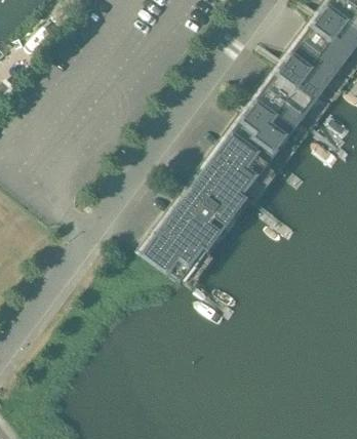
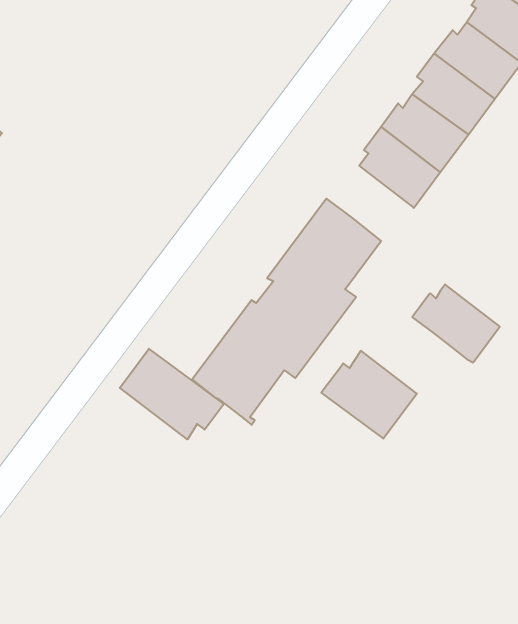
building: [230,113,287,164] -> [412,284,500,362]
building: none -> [120,349,224,439]
building: none -> [321,351,417,439]

